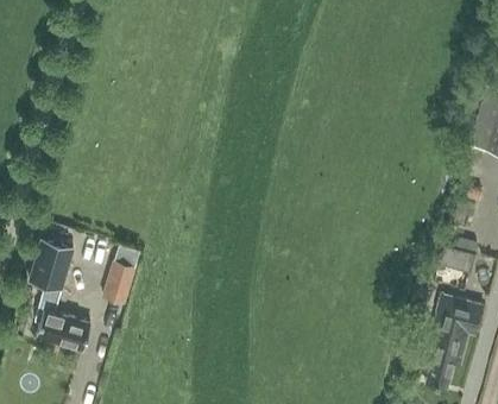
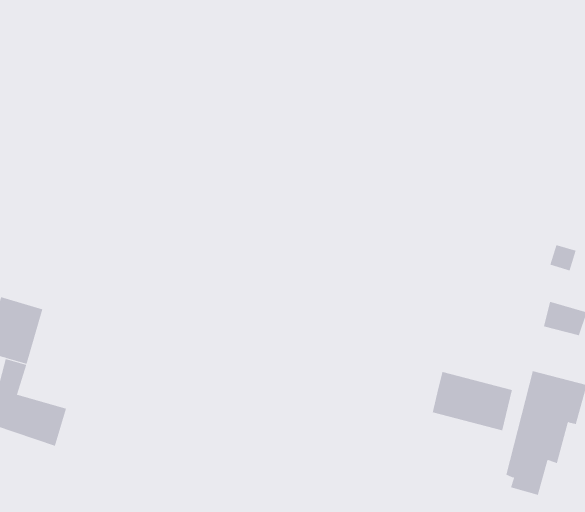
building: [101,260,133,303] -> none
building: none -> [432,371,513,431]

